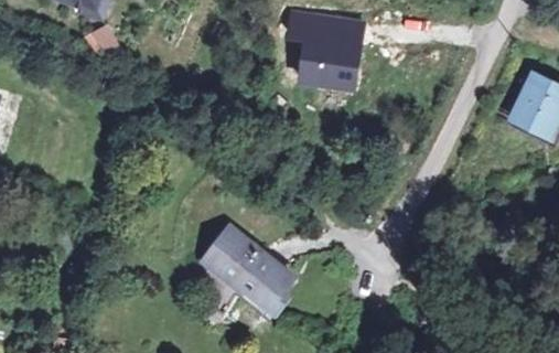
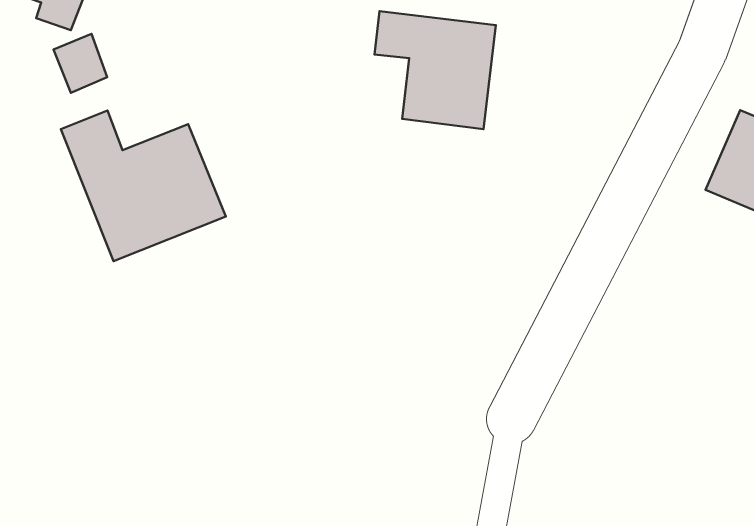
building: none -> [61,111,226,261]
building: [200,229,295,313] -> none

